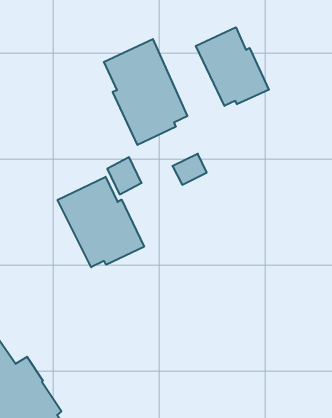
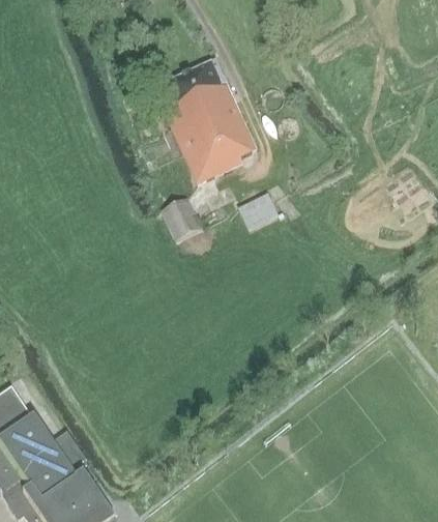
building: [196,27,269,106] -> none
building: [58,177,144,267] -> none

